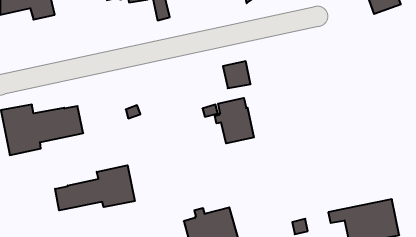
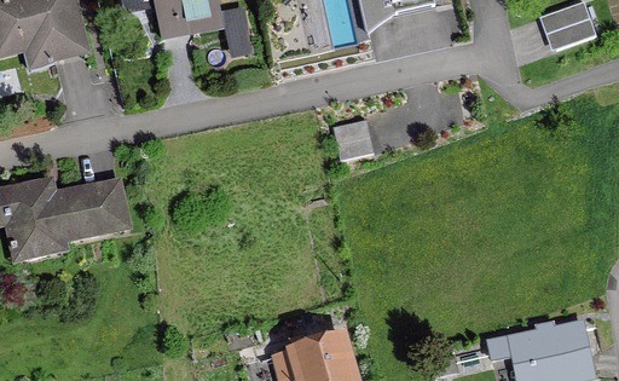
building: [215,98,254,143] -> none
building: [55,165,135,210] -> none

